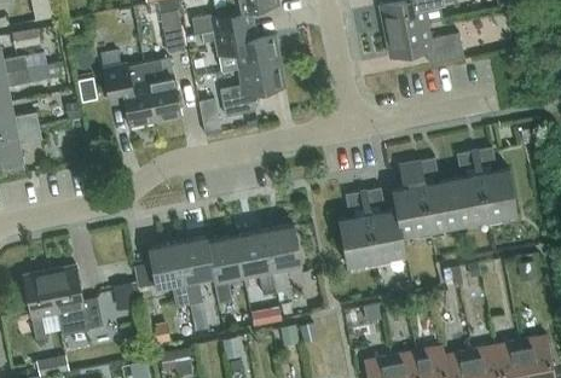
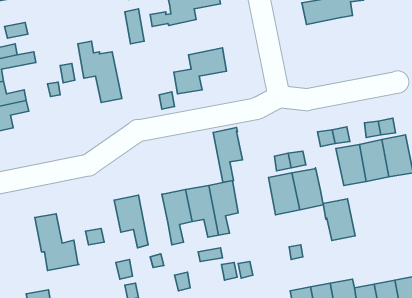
building: [384,23,463,64] -> none
building: [214,25,280,72] -> none
building: [144,60,183,123] -> none
building: [391,185,430,237] -> [323,199,355,241]
building: [177,237,213,304] -> [213,128,242,182]
building: [22,271,57,341] -> none

